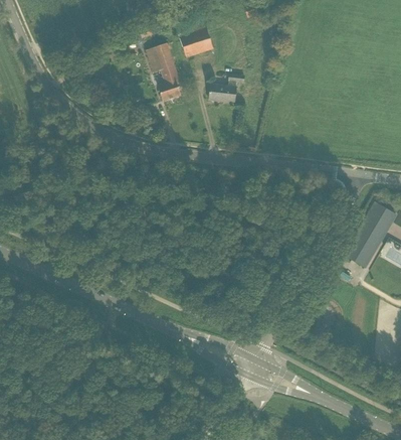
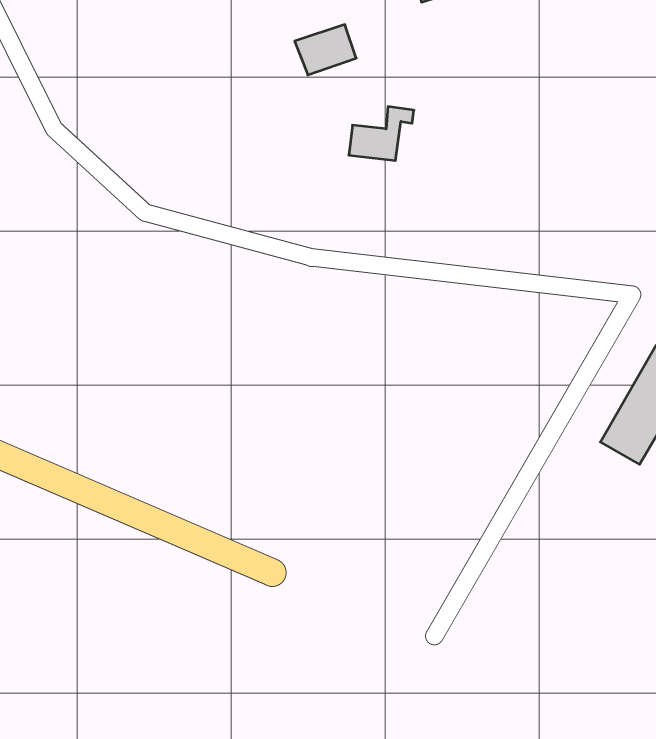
building: [146,43,180,101] -> none

